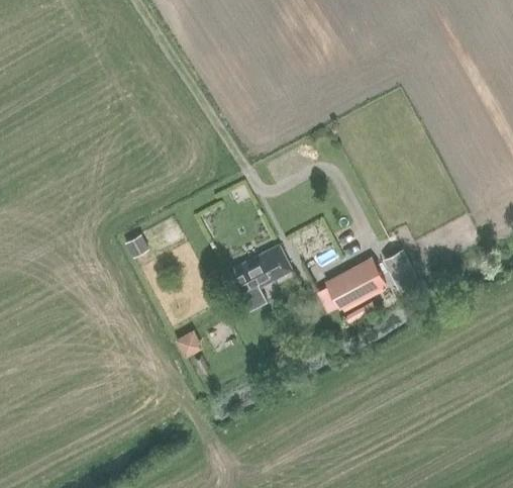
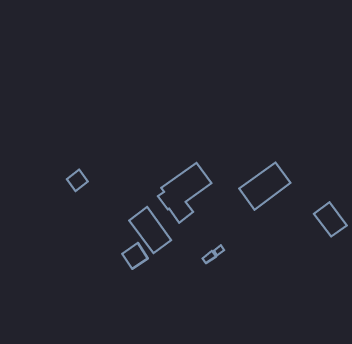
building: [383,250,419,290] -> [314,202,347,237]
building: none -> [129,207,171,253]

